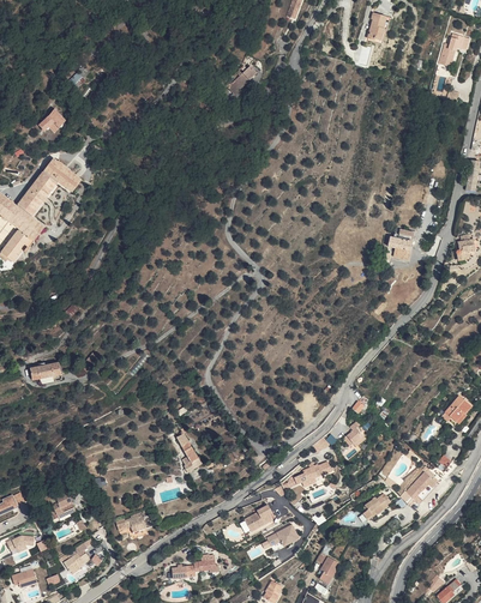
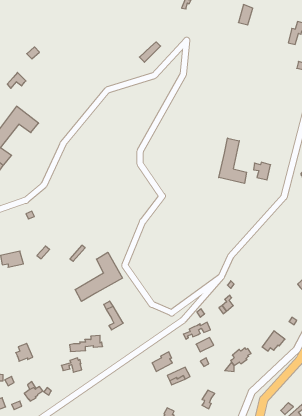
building: none -> [219,138,247,183]
building: none -> [75,252,122,301]
building: [172,554,218,577] -> [70,335,103,351]

